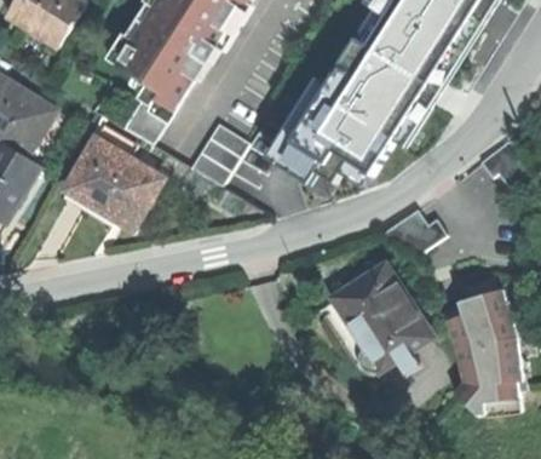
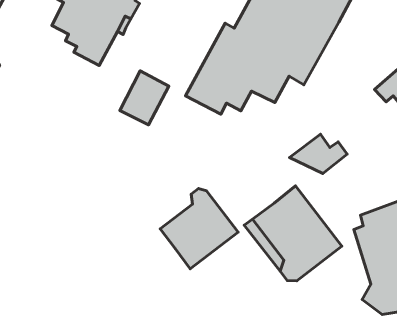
building: [125,97,171,143] -> none
building: [68,137,163,226] -> none
building: none -> [160,188,238,269]

